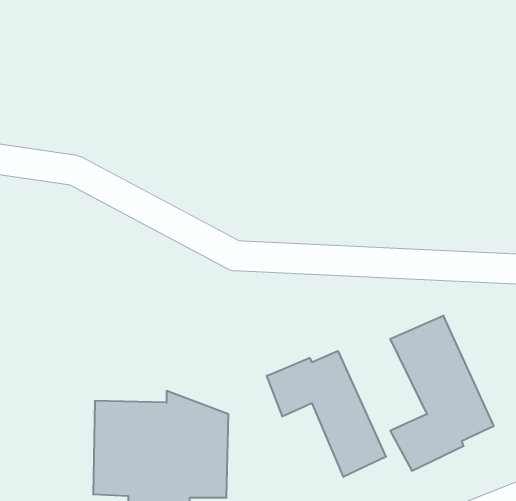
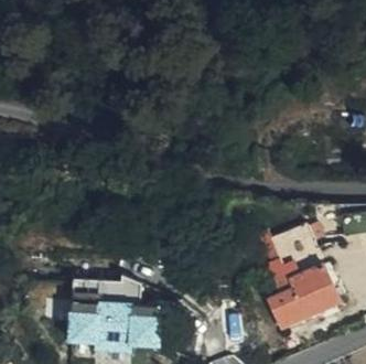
building: [267,351,386,477] -> none

